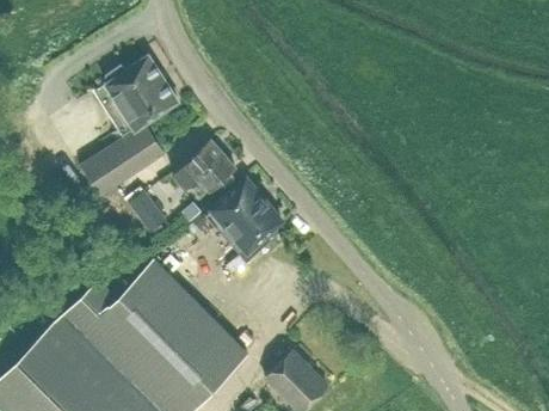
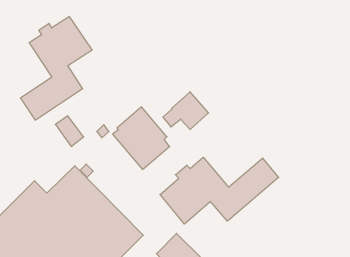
building: [173,139,235,190] -> [163,92,209,130]
building: none -> [160,157,279,224]

